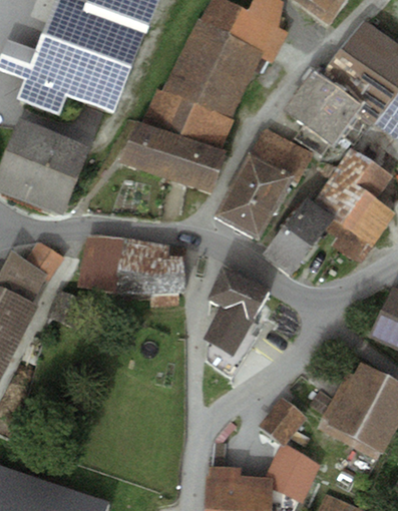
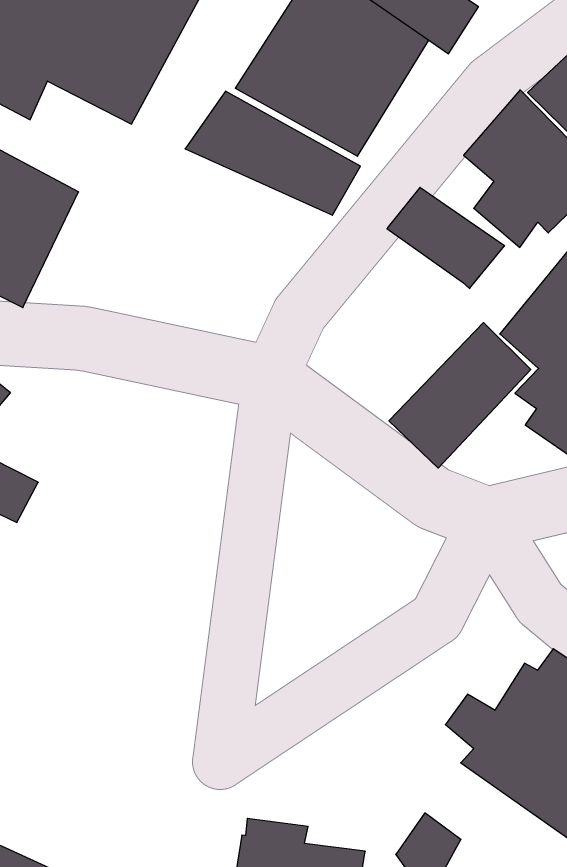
building: [118,120,231,192] -> none
building: [216,152,293,238] -> none
building: [79,235,185,306] -> none
building: [204,267,267,375] -> none
building: [259,399,305,445] -> none

